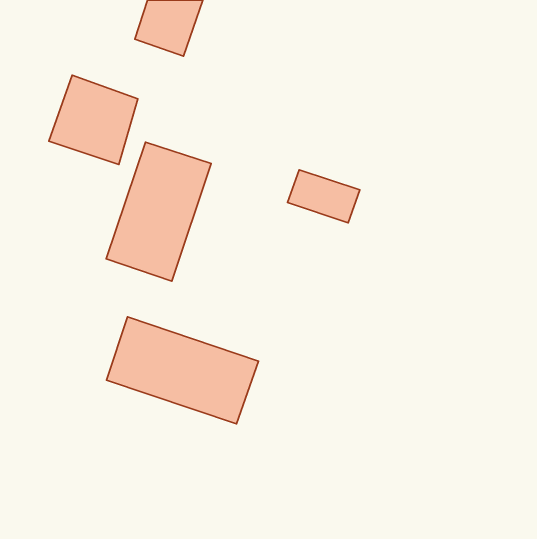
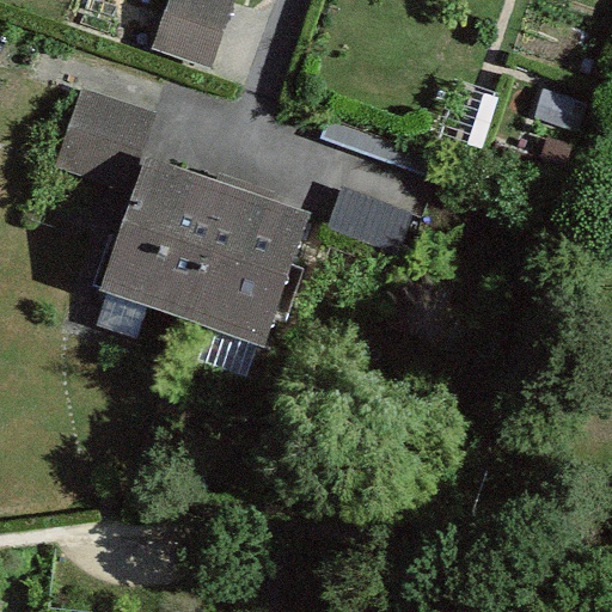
building: none -> [194,188,308,344]
building: [107,317,258,424] -> none

